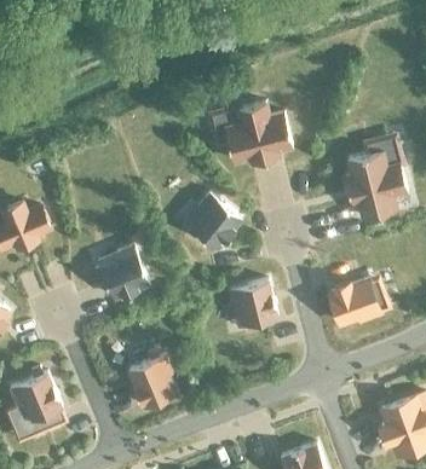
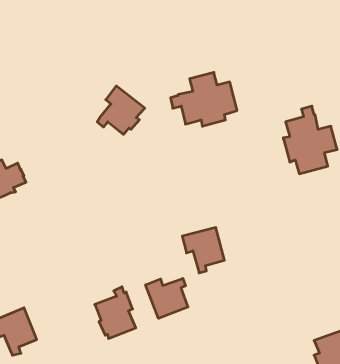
building: [186,193,241,249] -> [97,86,145,134]
building: [93,247,149,299] -> none
building: [329,280,387,325] -> none
building: none -> [146,278,188,318]

